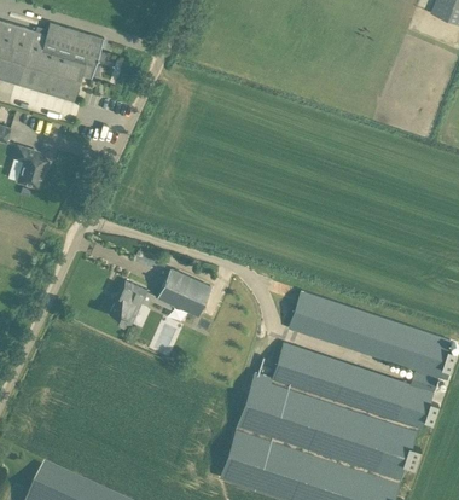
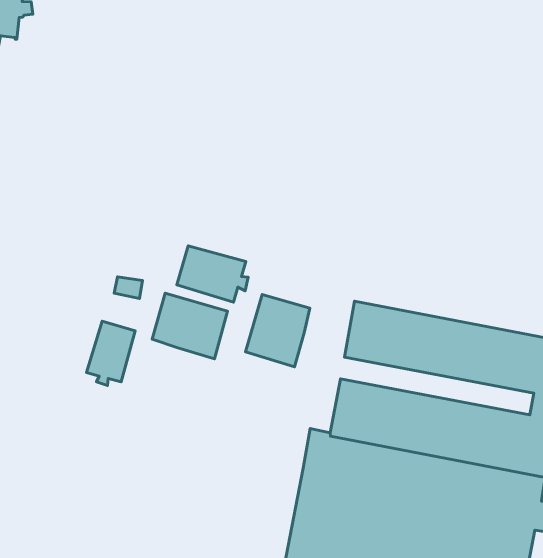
building: none -> [177,246,248,302]
building: none -> [245,294,310,367]

